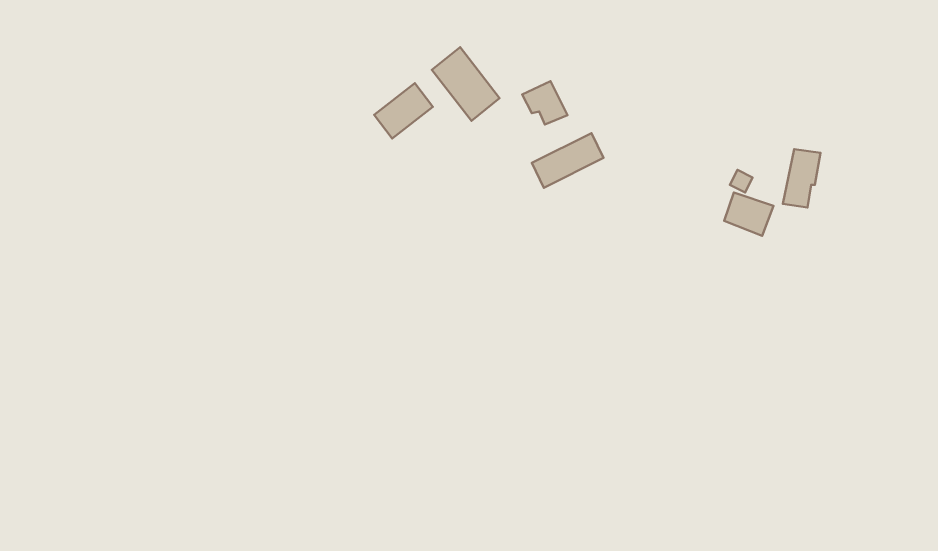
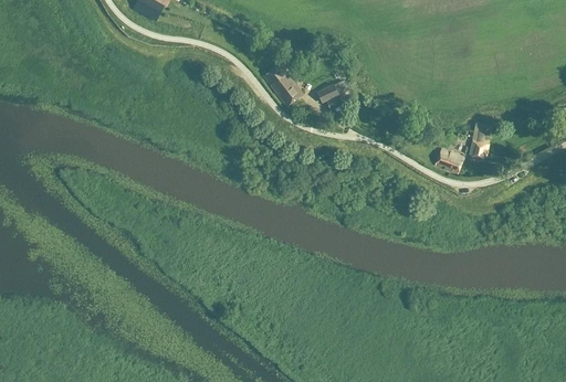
building: [374,83,433,138] -> none
building: [532,133,603,188] -> none

